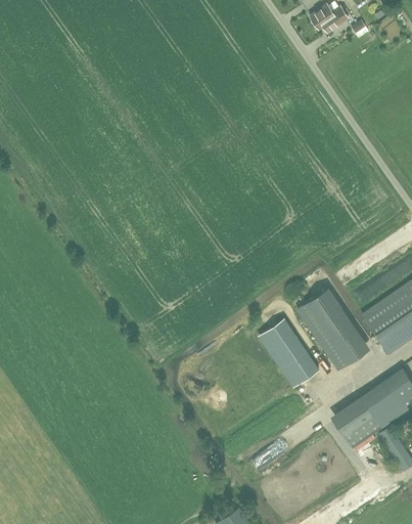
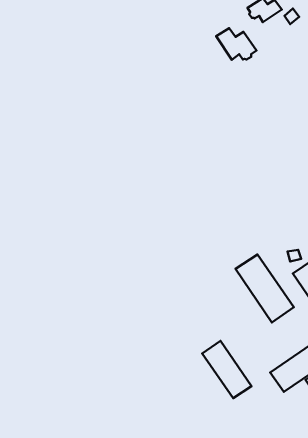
building: none -> [216,28,256,60]
building: [263,317,318,382] -> [202,341,251,398]

